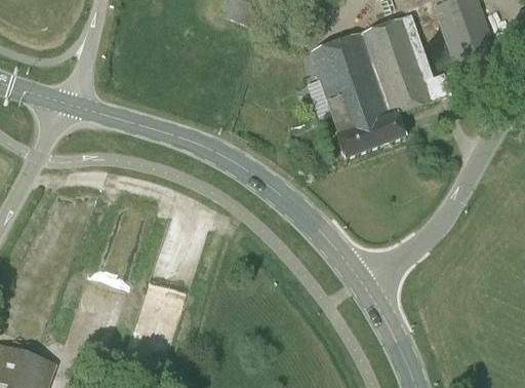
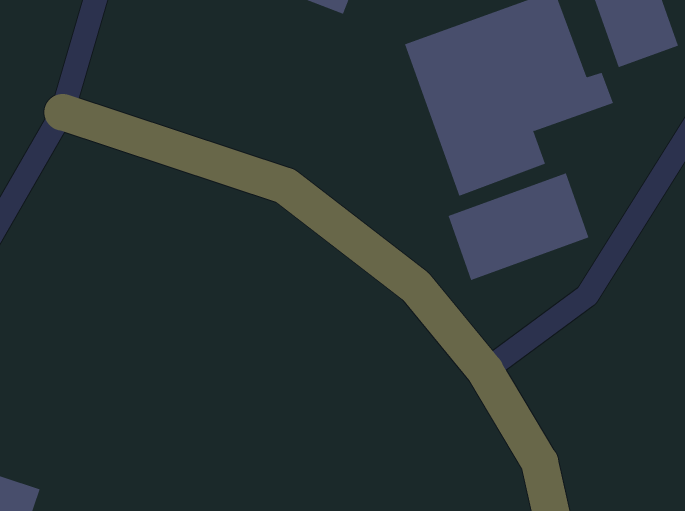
building: none -> [448,173,589,281]

